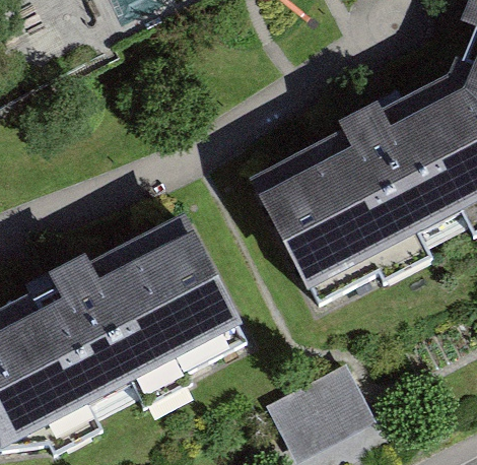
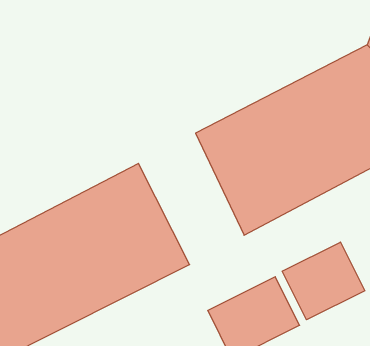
building: none -> [282,242,365,320]

